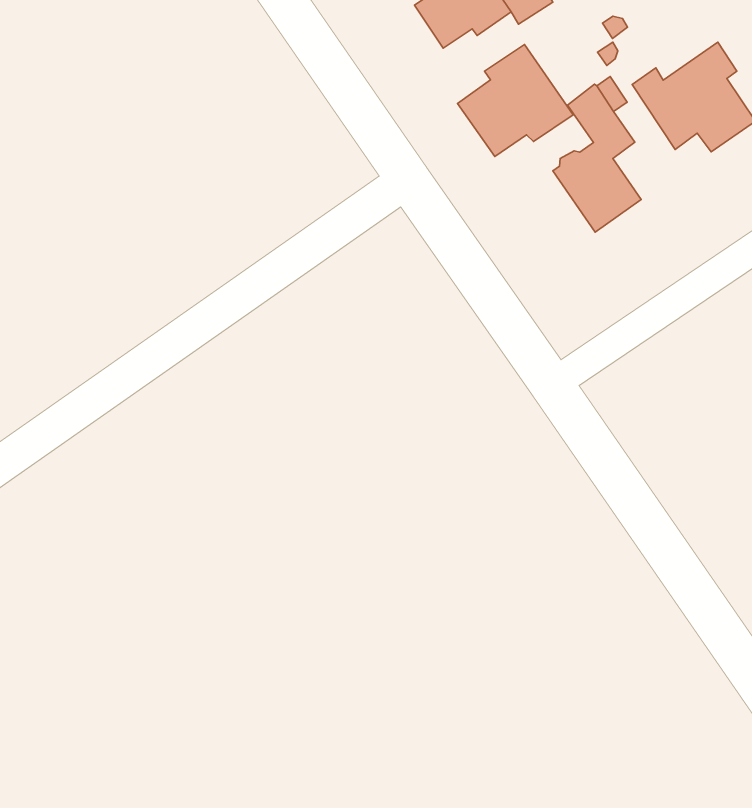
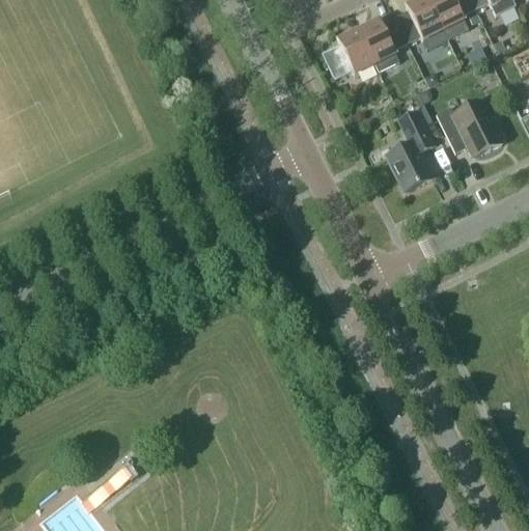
building: [458,44,573,156] -> none

